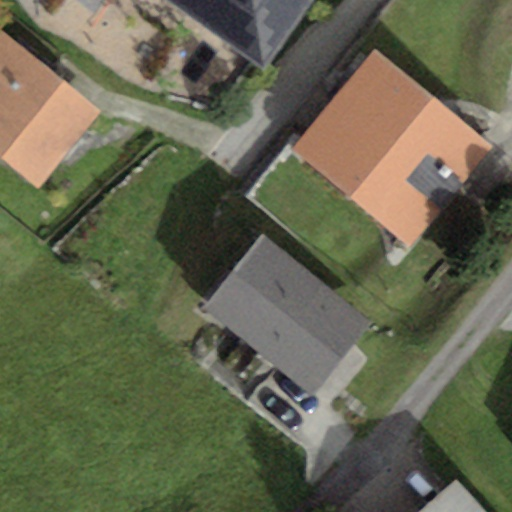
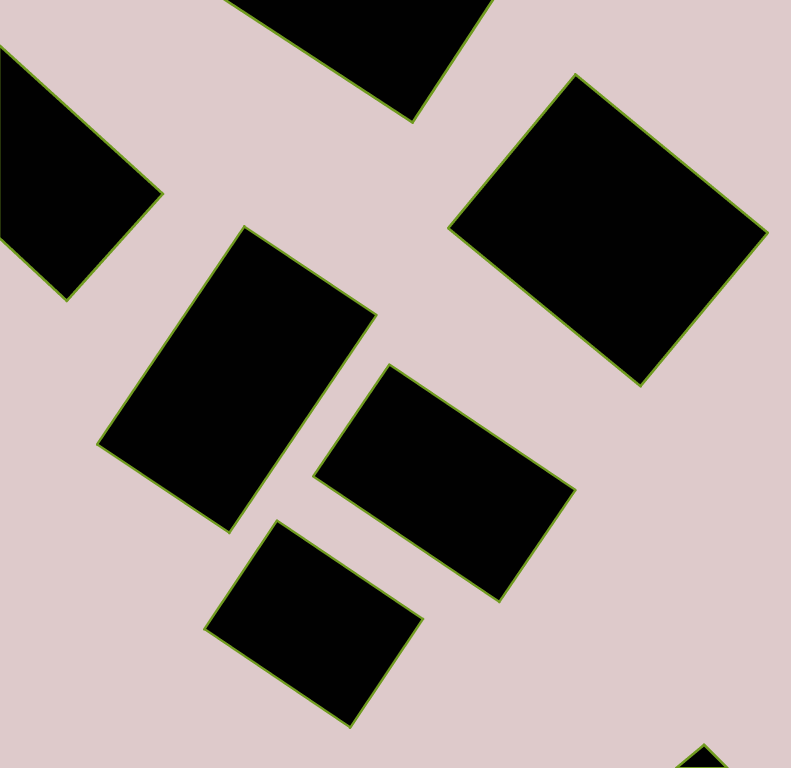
building: none -> [97,226,376,533]
building: none -> [204,521,423,728]

